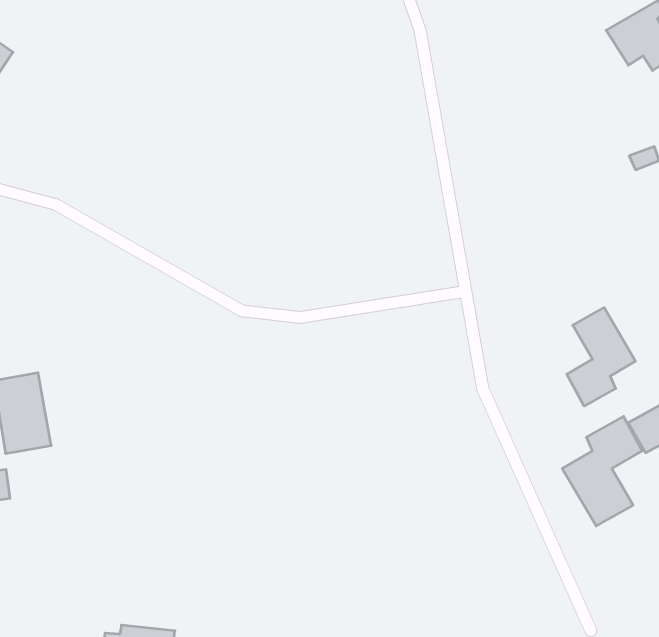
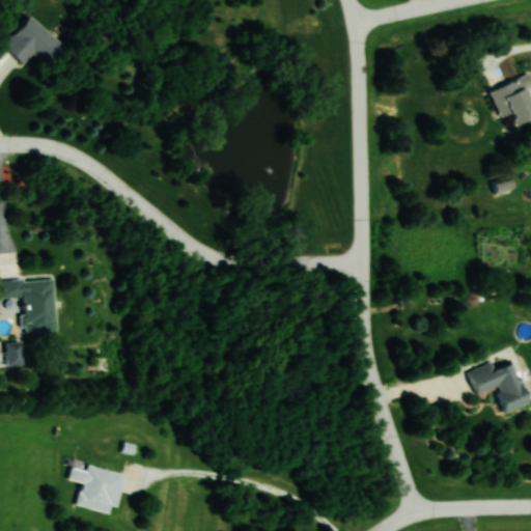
building: [567,308,635,406] -> none
building: [562,416,642,526] -> none

